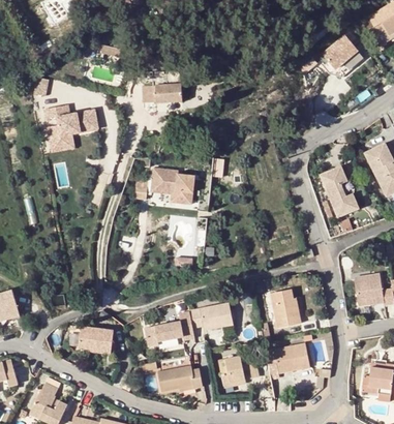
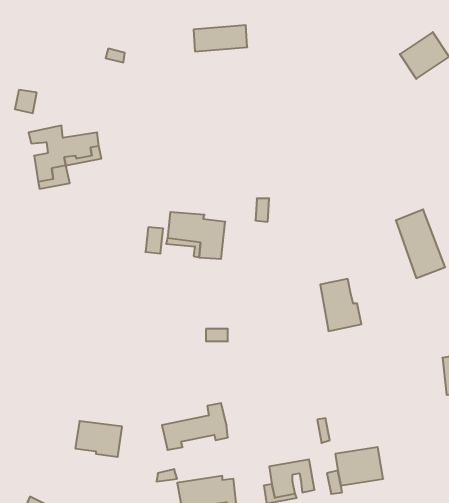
building: [142,83,182,102] -> [194,25,247,51]
building: [272,289,303,328] -> [320,279,361,331]
building: [188,302,232,330] -> none

